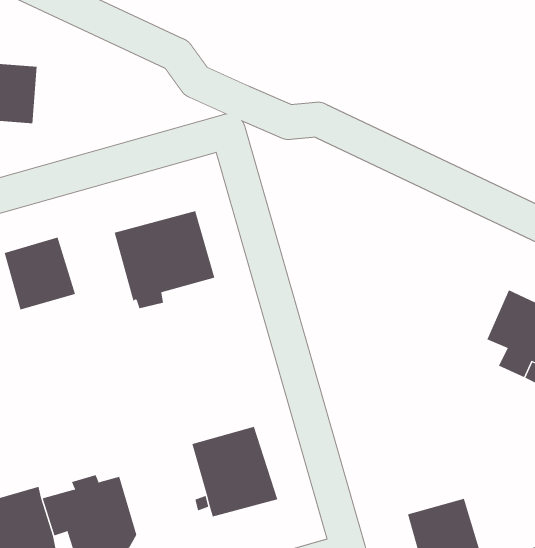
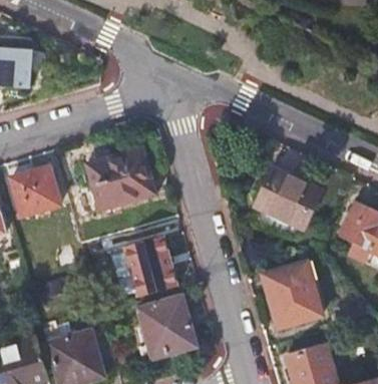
building: none -> [255,168,321,236]
building: none -> [122,237,177,296]
building: none -> [263,262,321,327]

